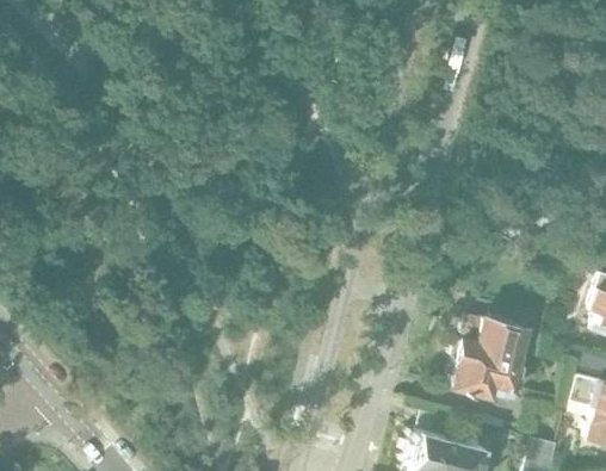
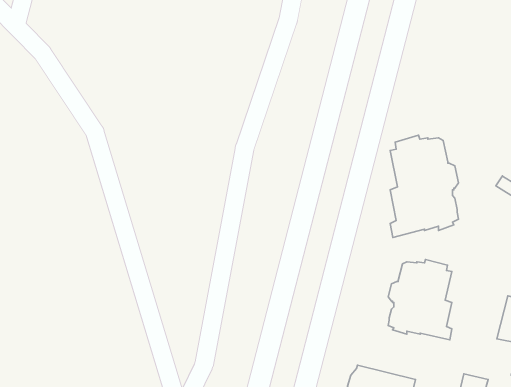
building: none -> [390,135,458,237]

